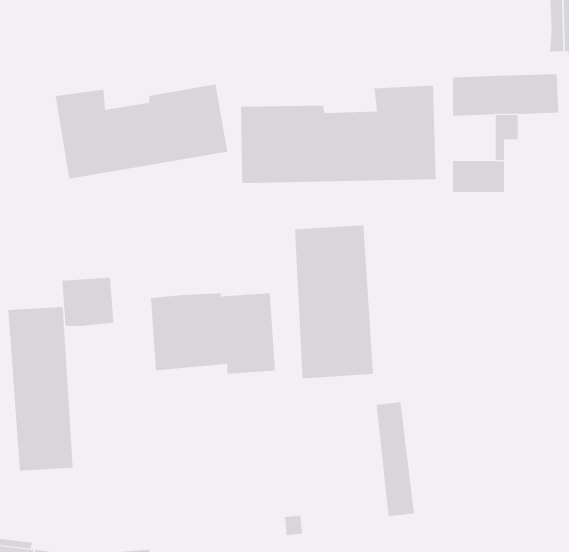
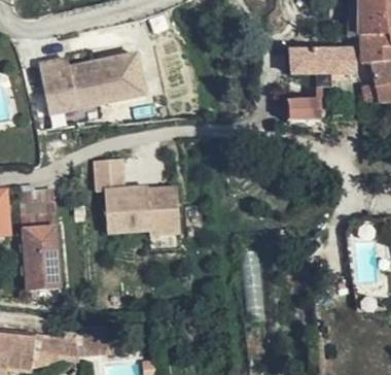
building: [241,85,436,184] -> none
building: [295,224,374,379] -> none
building: [62,277,114,326] -> [95,154,127,183]

